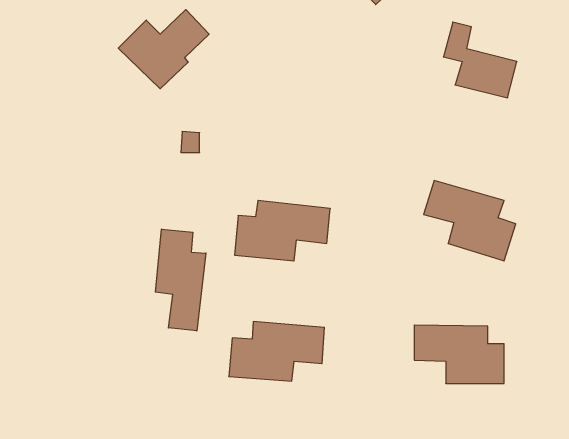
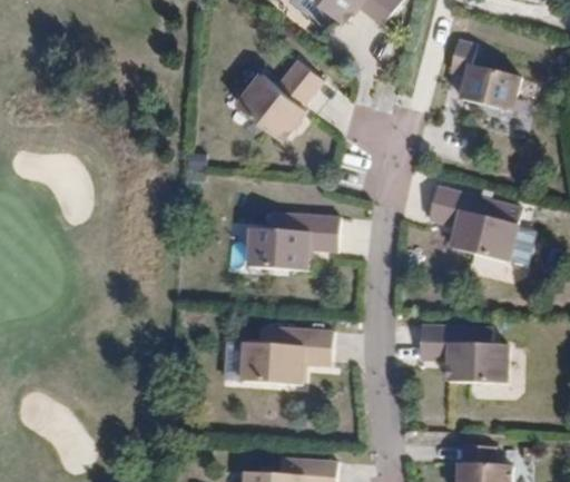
building: [118,10,209,89] -> [238,58,325,134]
building: [155,229,206,331] -> none

